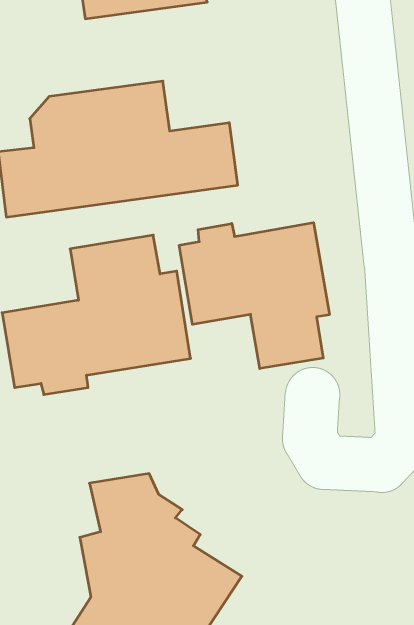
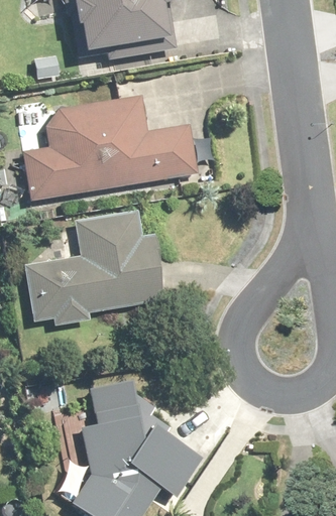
building: [179,223,329,369] -> none

